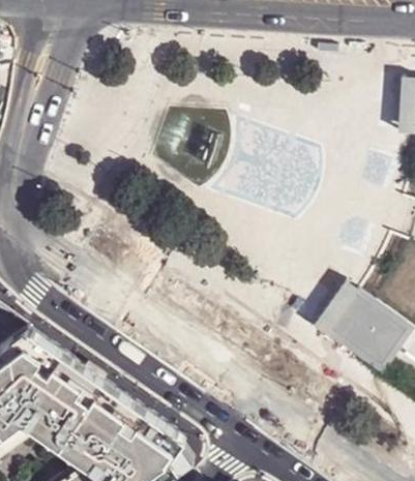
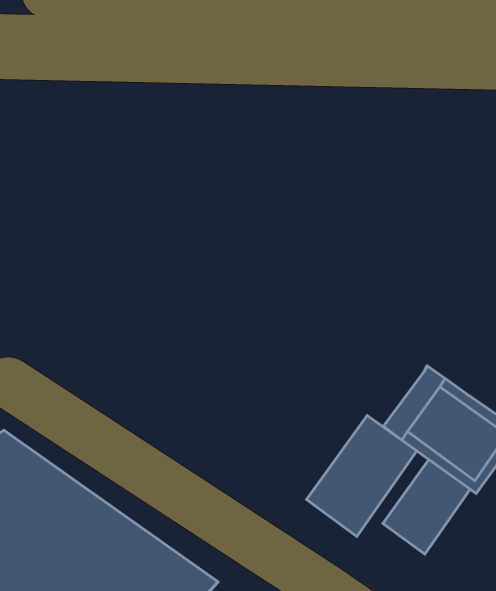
building: none -> [307,415,417,536]
building: none -> [383,460,470,554]

